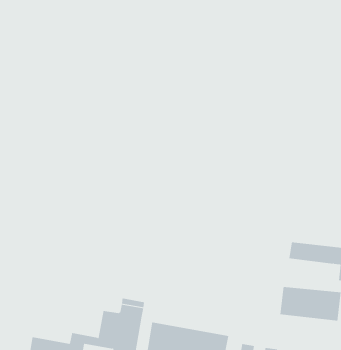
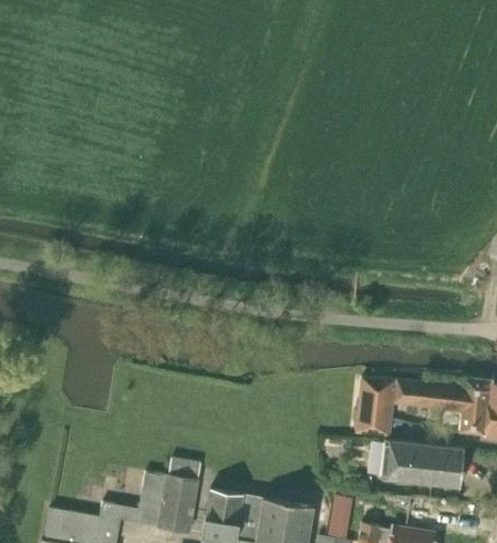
building: none -> [356,378,395,437]

